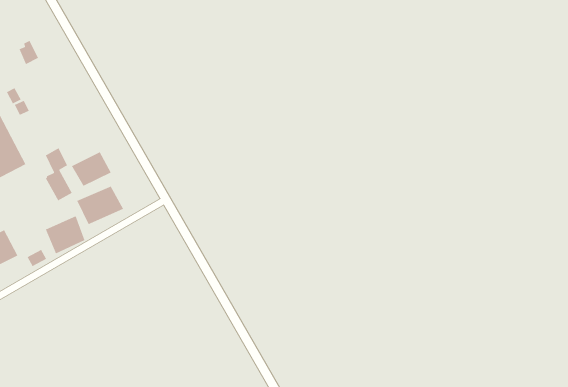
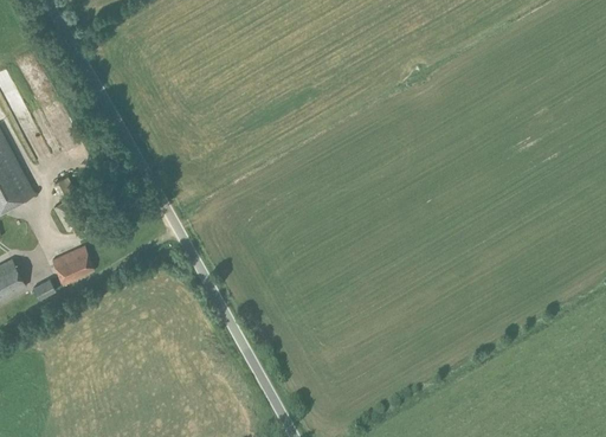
building: [71,151,112,187] -> none
building: [76,186,124,225] -> none

